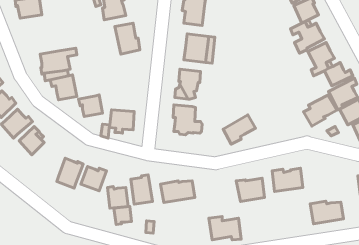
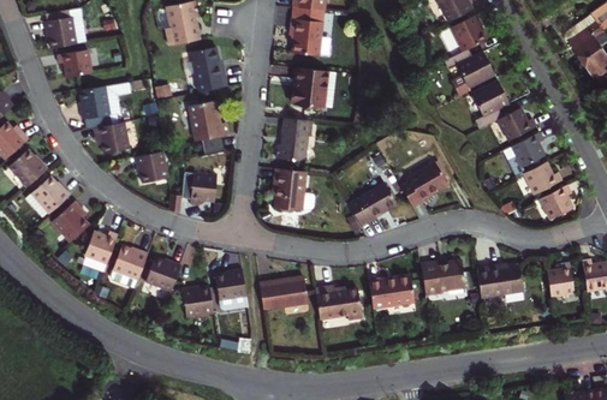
building: none -> [59,46,95,73]
building: none -> [191,103,230,159]
building: [304,95,337,126] -> [401,165,450,209]
building: none -> [79,238,113,271]
building: [310,201,343,224] -> [472,267,520,299]
building: [114,206,131,225] -> none
building: [209,217,241,240] -> [314,285,361,318]

